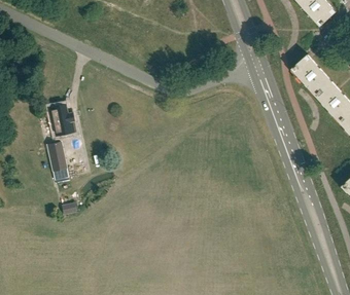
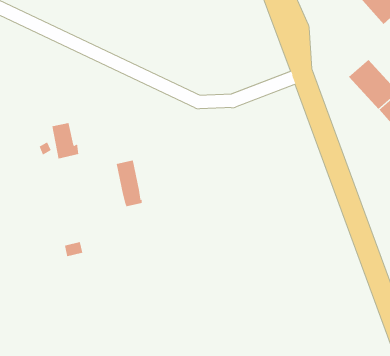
building: [46,141,68,179] -> [116,160,142,207]

